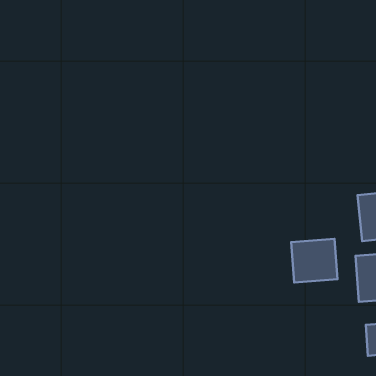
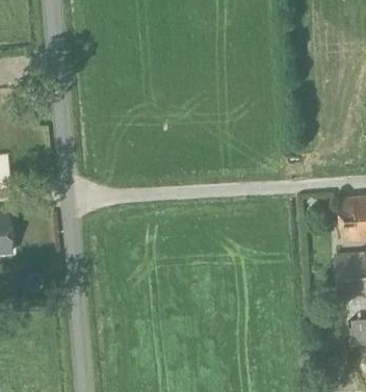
building: [291,239,338,282] -> none

